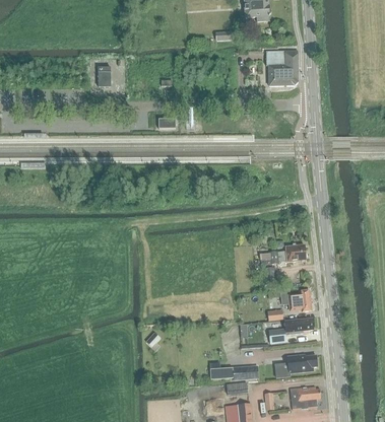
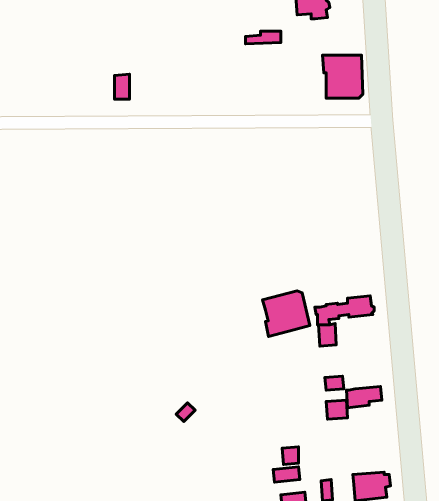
building: none -> [262,291,310,336]
building: [286,290,310,311] -> none
building: [278,354,316,372] -> none

